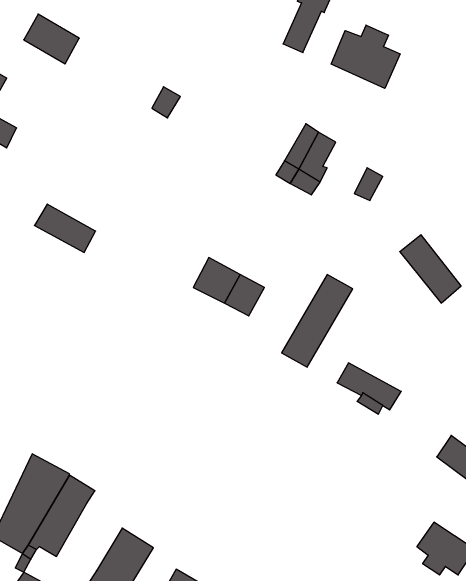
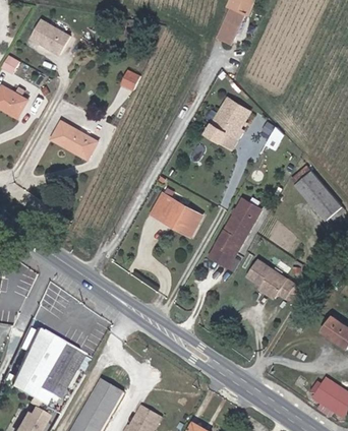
building: [331,25,400,88] -> none
building: [34,204,96,252] -> [53,119,97,153]

